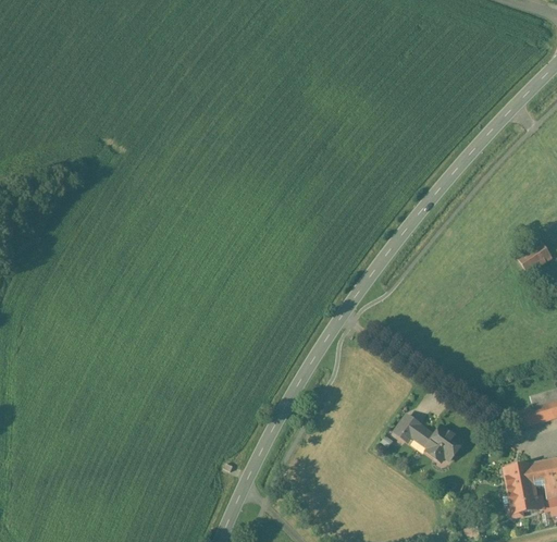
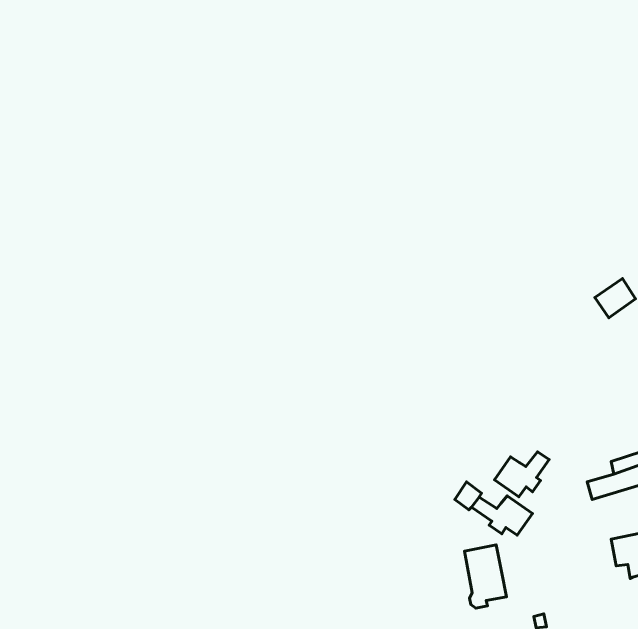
building: none -> [494,452,549,497]
building: [505,464,541,518] -> [465,545,506,608]

